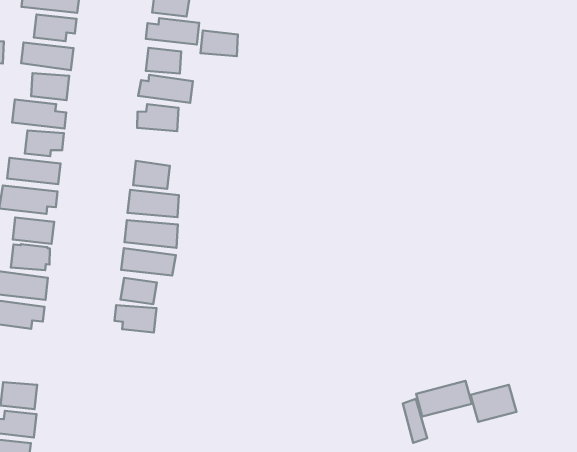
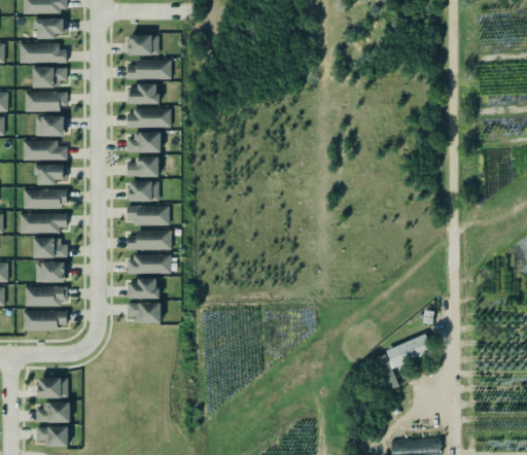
building: [200,31,238,56] -> none
building: none -> [128,157,160,178]
building: [471,385,516,422] -> none

